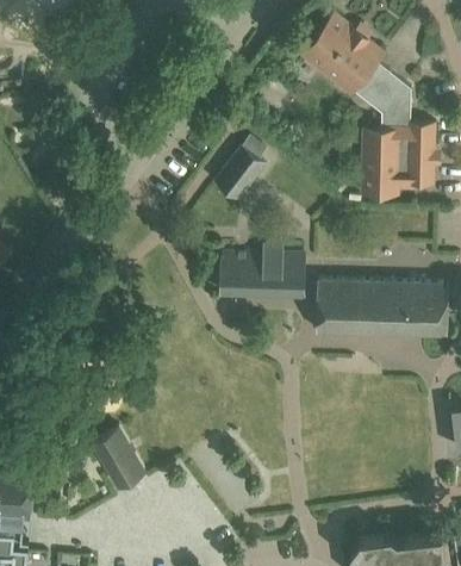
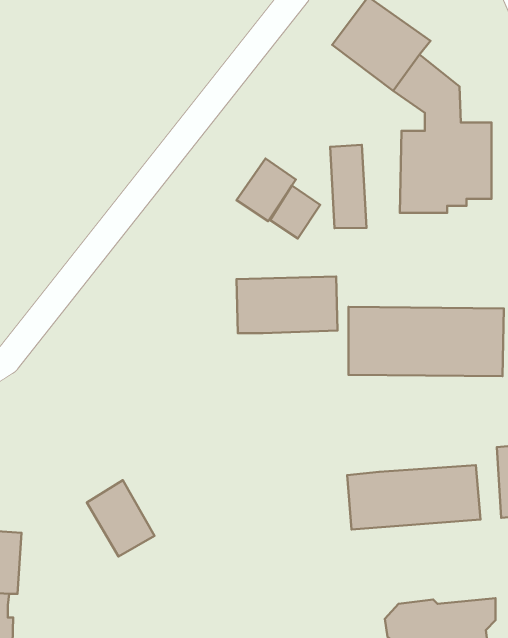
building: none -> [330,145,367,228]
building: none -> [270,185,320,238]
building: none -> [347,465,480,529]

